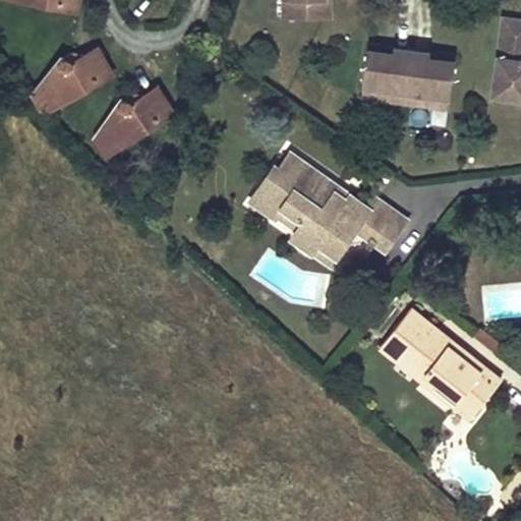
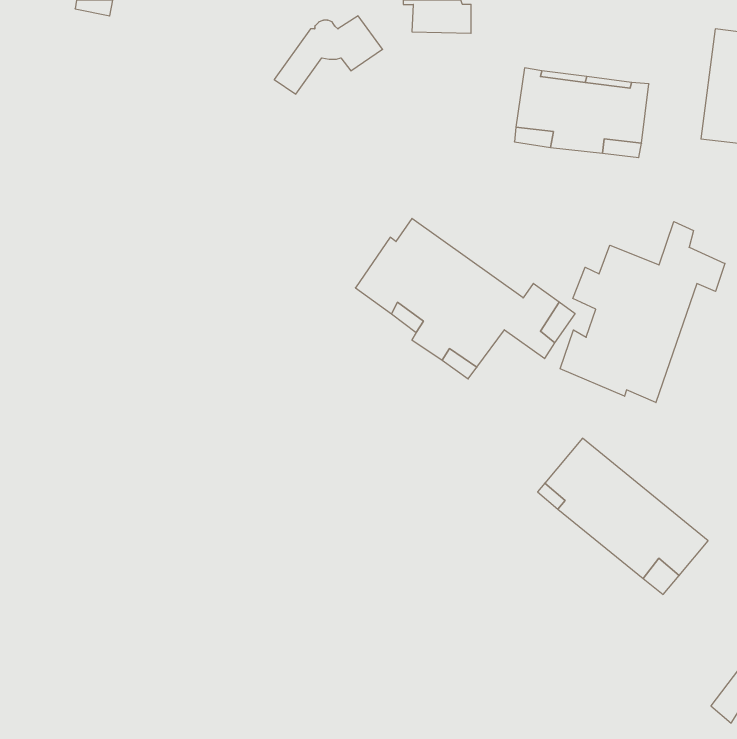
building: [39,47,116,101] -> none
building: [101,86,177,141] -> [274,16,383,94]
building: none -> [560,222,725,403]

